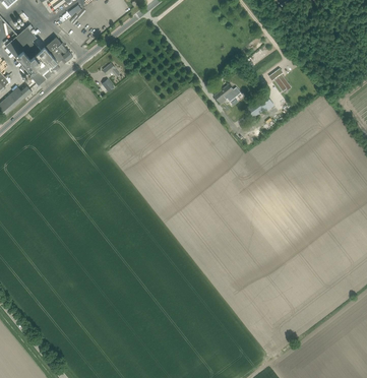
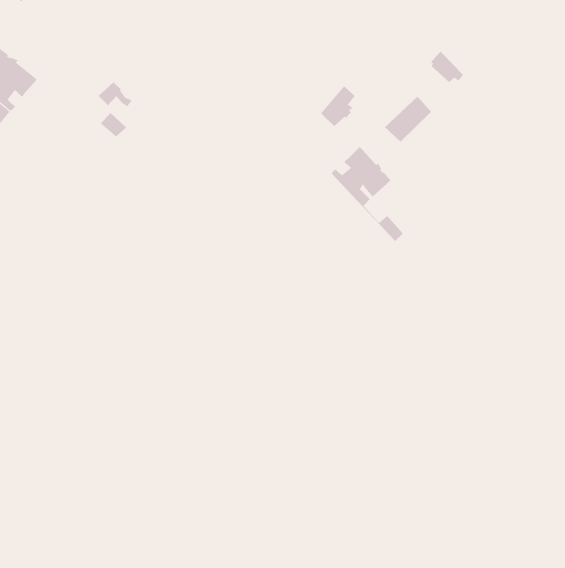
building: none -> [331,146,403,242]

